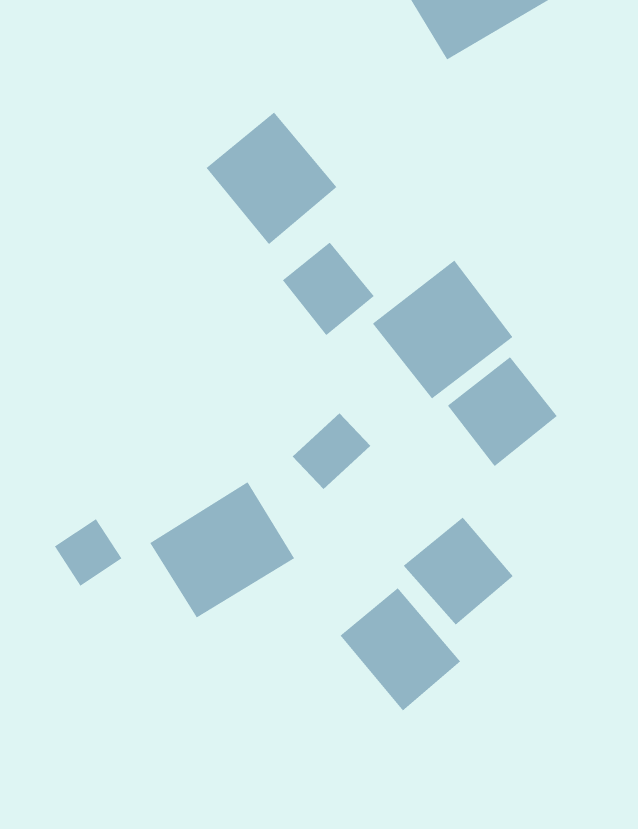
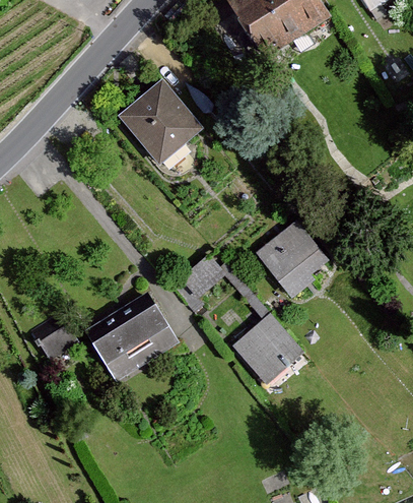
building: [282,242,375,336] -> none
building: [372,259,514,399] -> none
building: [340,587,461,712] -> none

